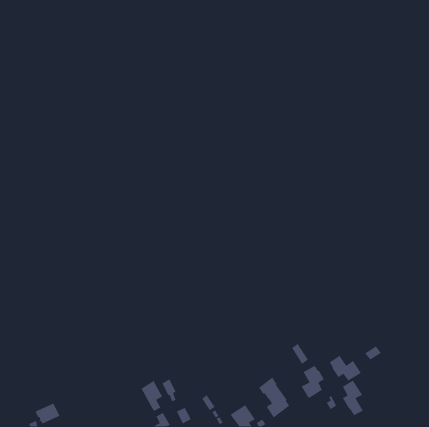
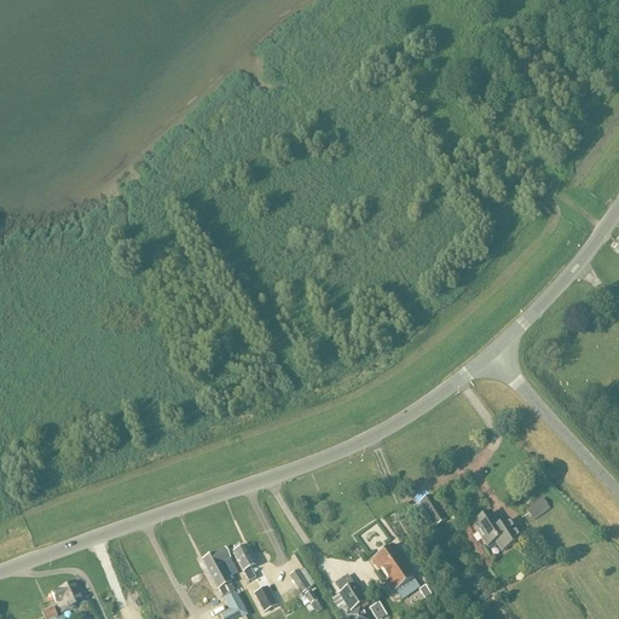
building: [300,365,325,399] -> none
building: [342,379,364,416] -> none

